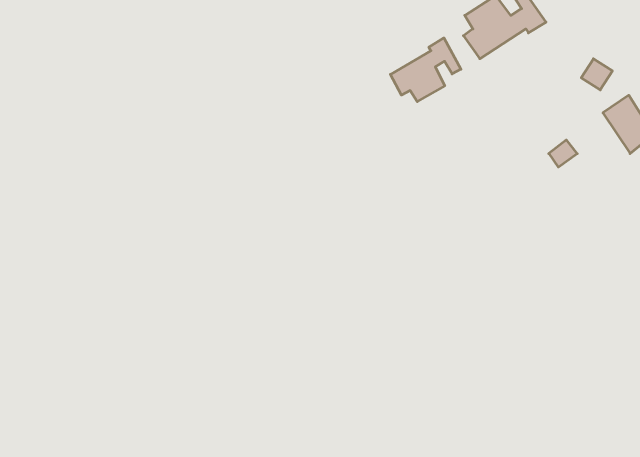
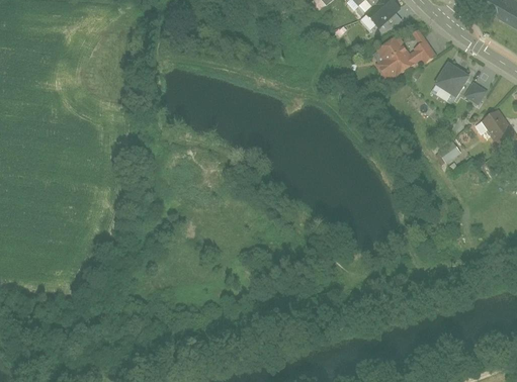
building: none -> [434,63,469,97]
building: [390,38,461,102] -> none

